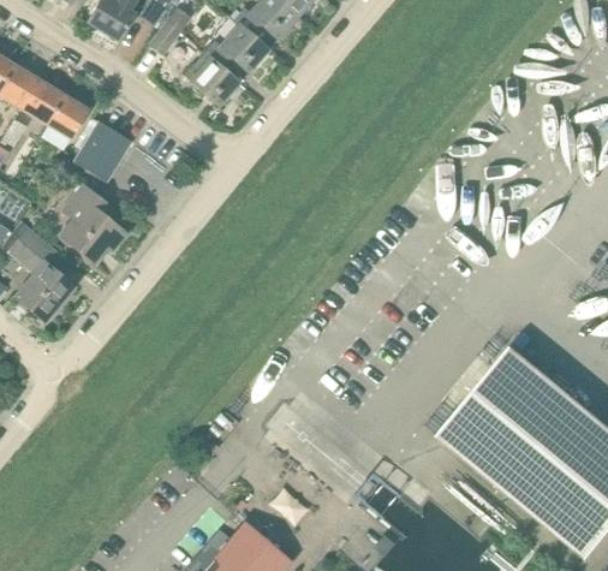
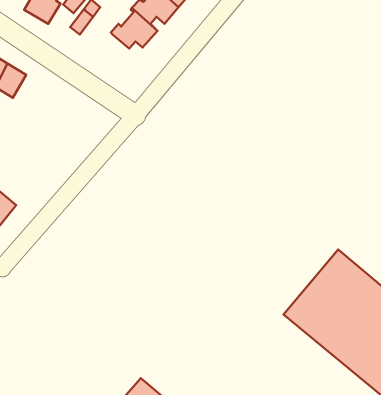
building: [180,52,238,106] -> none
building: [72,120,131,182] -> none
building: [64,185,121,263] -> none

